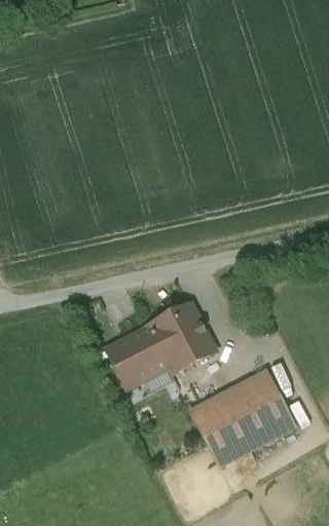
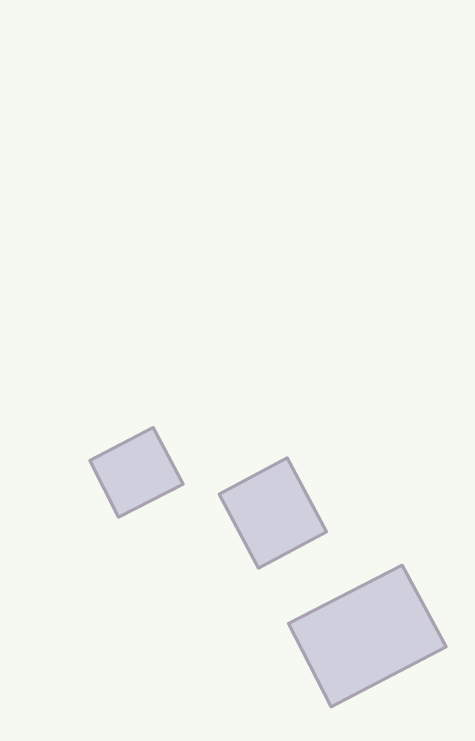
building: [107,327,168,385] -> [90,427,183,517]

